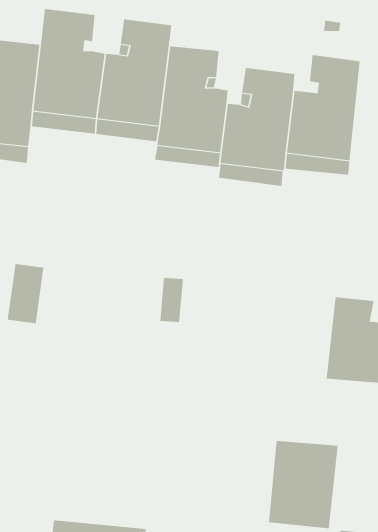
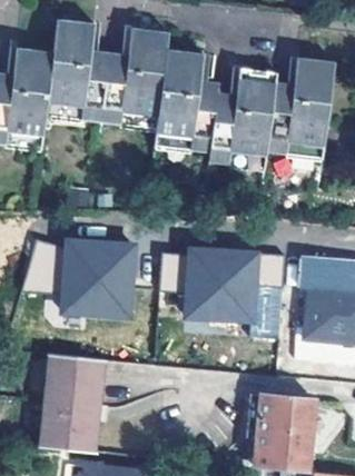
building: none -> [61,238,135,317]
building: none -> [184,247,280,336]
building: none -> [37,355,103,447]

